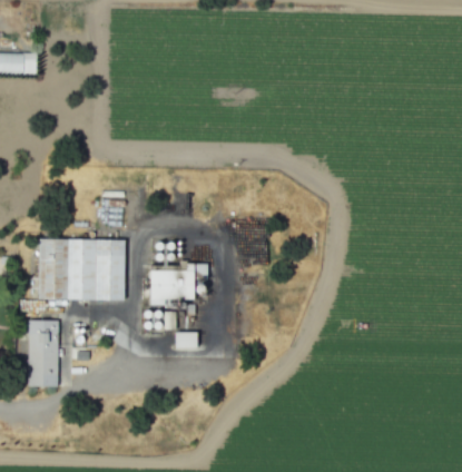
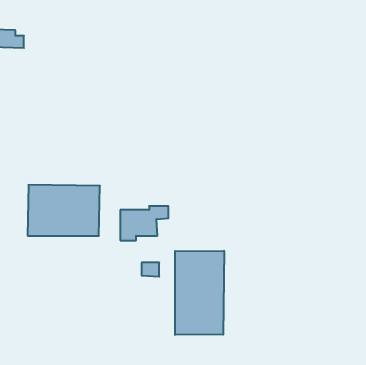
building: none -> [175,251,224,335]
building: [27,319,58,386] -> none

